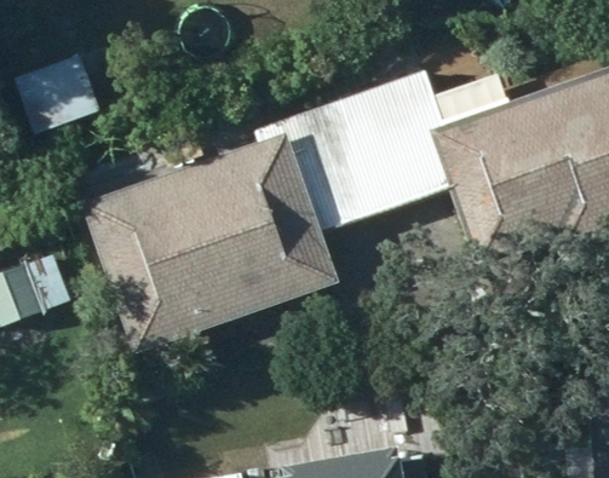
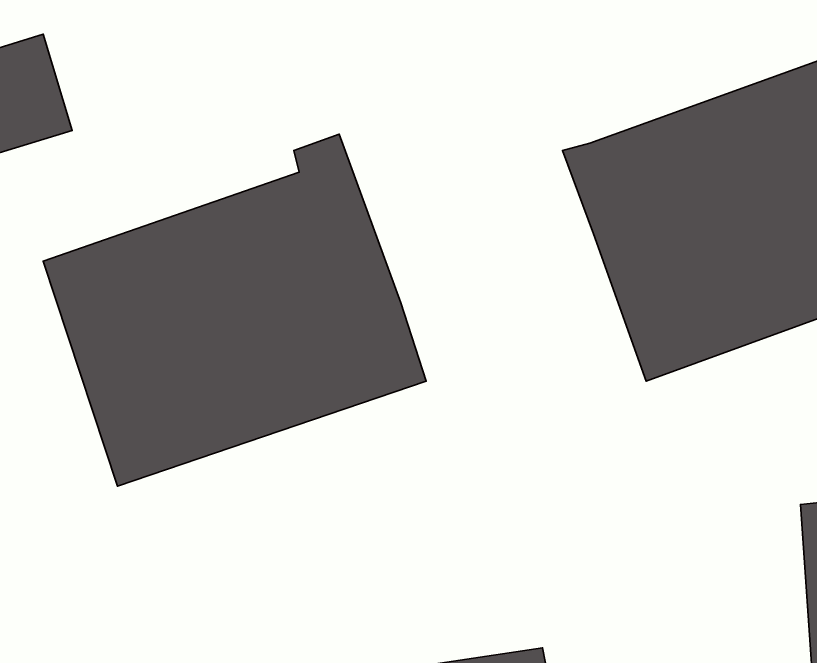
building: [280,67,449,231] -> none

